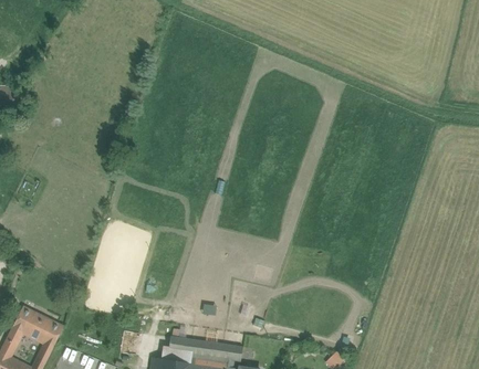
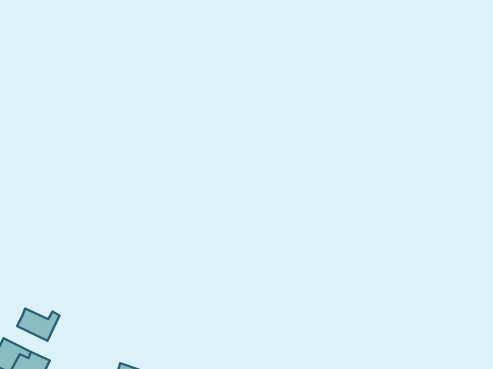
building: none -> [17,308,60,341]

